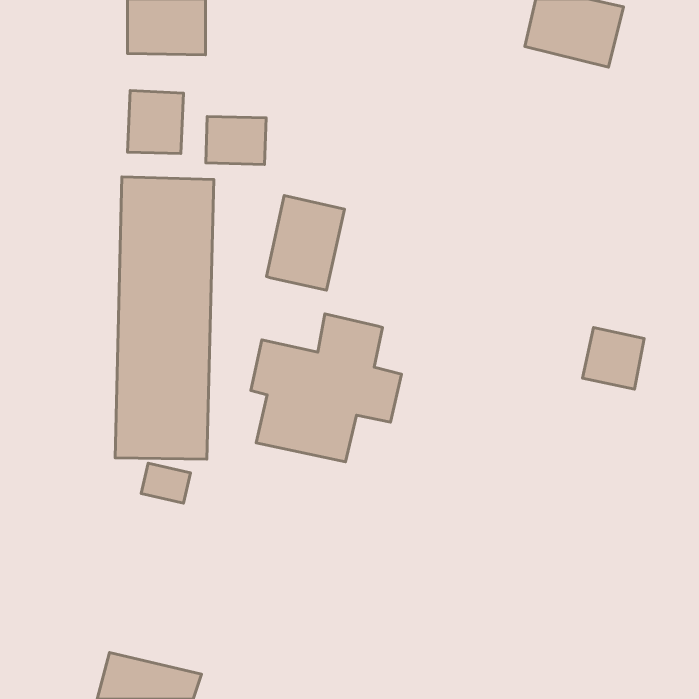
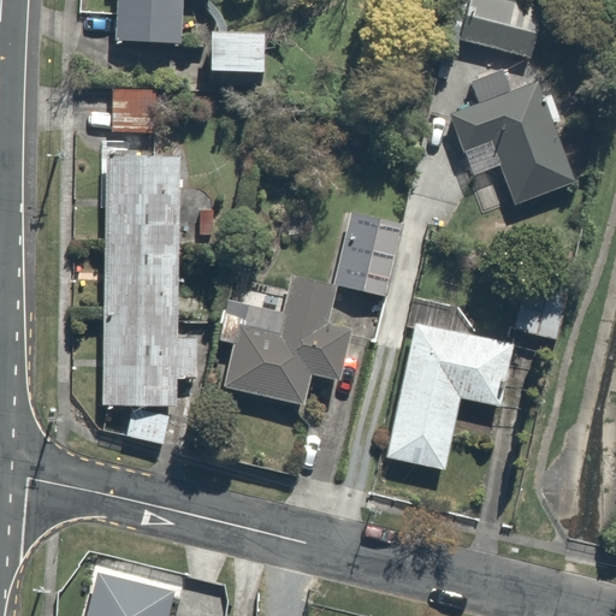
building: none -> [448,83,570,200]
building: [206,116,266,164] -> [211,32,263,75]
building: [266,196,344,290] -> [332,215,401,298]
building: none -> [384,308,513,468]

